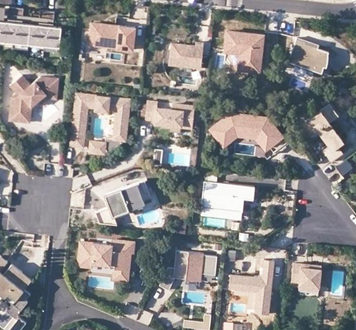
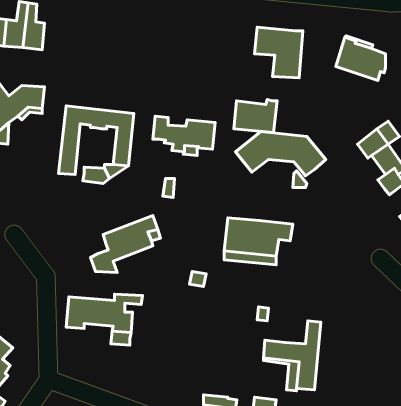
building: [89,23,134,49] -> none
building: [169,42,203,68] -> [234,100,277,133]
building: [160,252,217,292] -> none
building: [293,265,323,293] -> none

